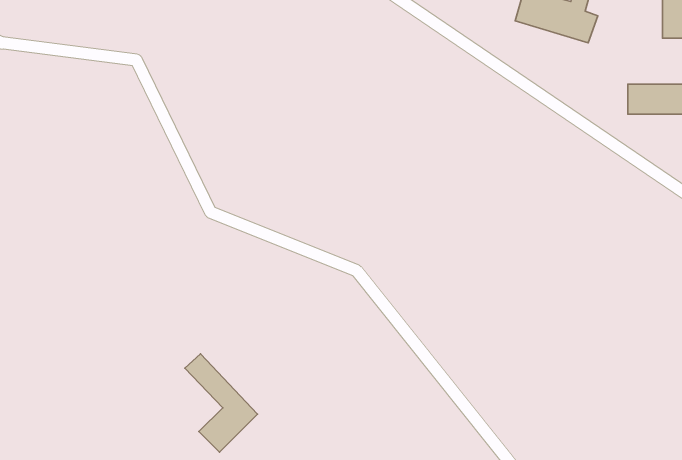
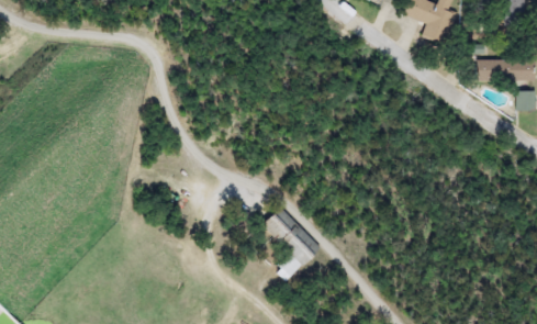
building: [185,354,258,452] -> [262,214,313,282]

